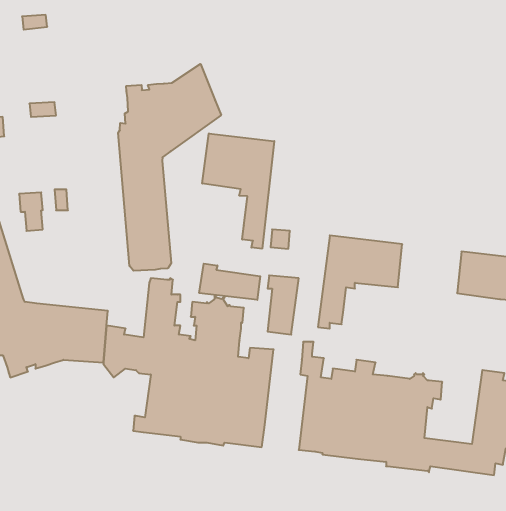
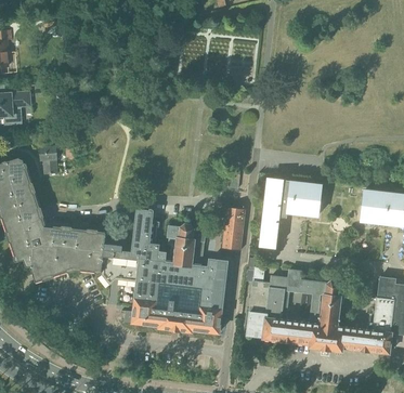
building: [118,64,221,271] -> none
building: [202,133,274,249] -> none
building: [199,264,260,300] -> none

